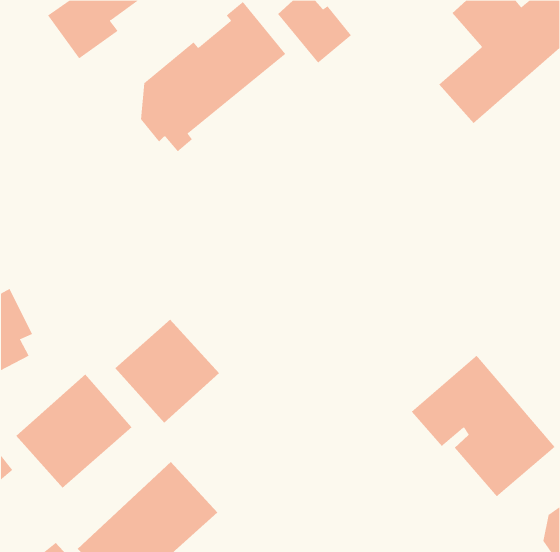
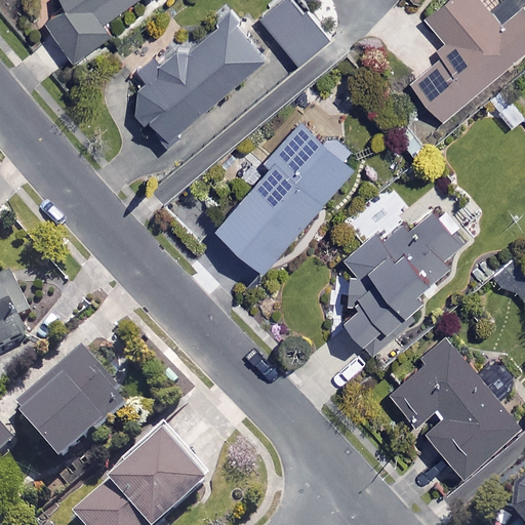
building: none -> [214,120,353,266]
building: none -> [338,205,469,357]
building: [115,319,220,423] -> none

